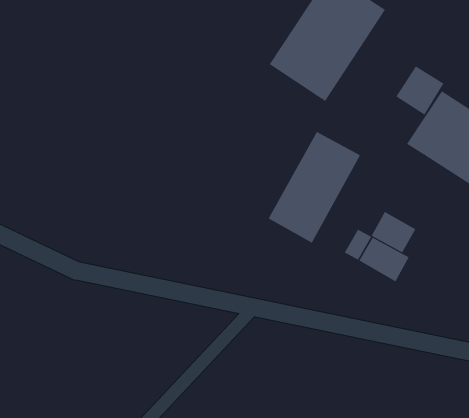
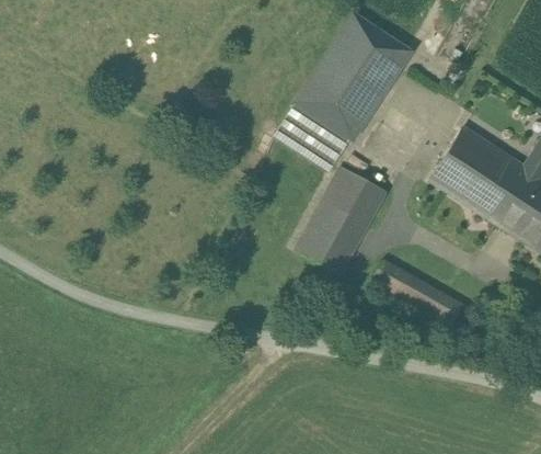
building: none -> [276,101,349,168]
building: [396,66,444,116] -> none
building: [371,211,416,253] -> [421,287,464,328]

